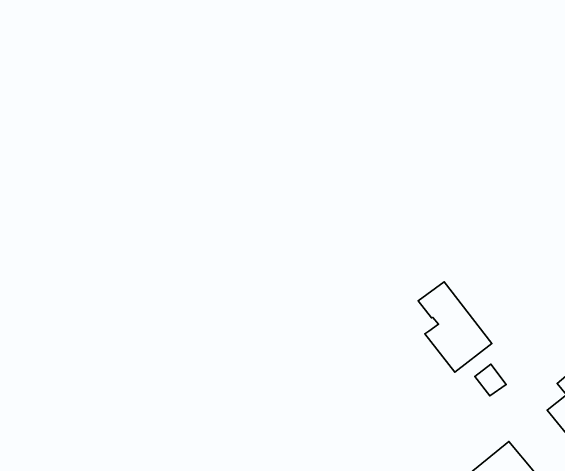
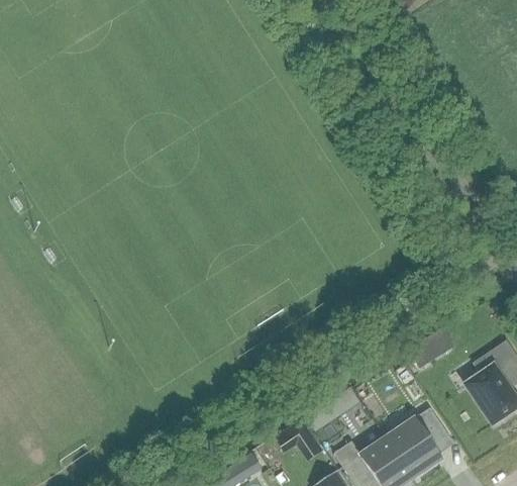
building: [418,282,492,372] -> none

